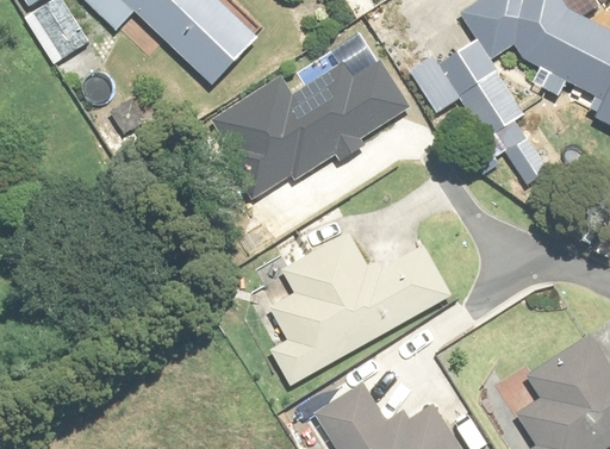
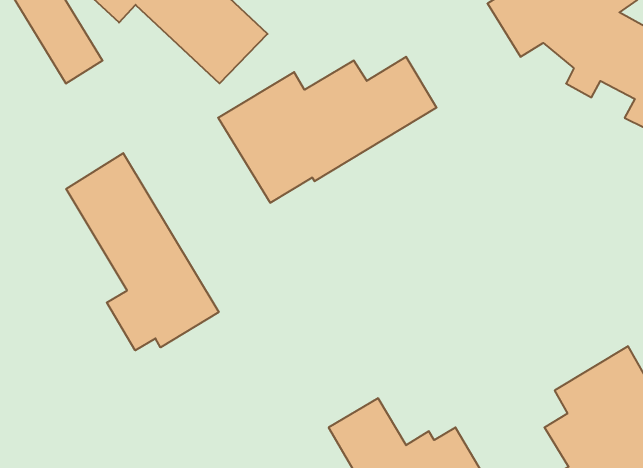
building: [440,39,544,181] -> none
building: none -> [66,153,219,350]
building: [267,227,454,386] -> none

